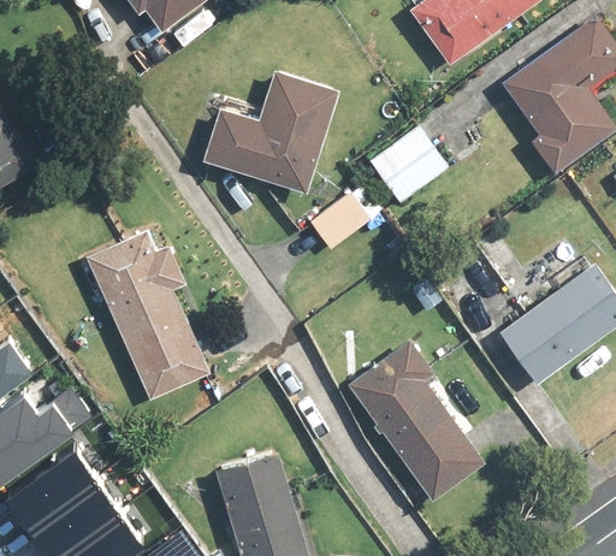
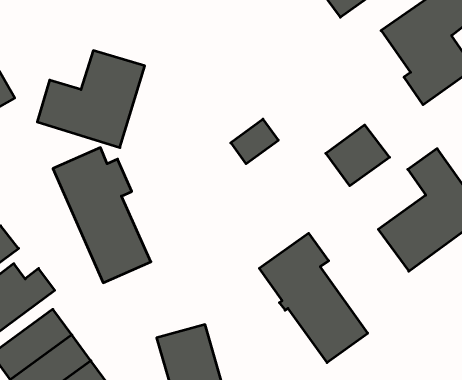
building: [202,71,338,194] -> [37,51,145,148]
building: [369,126,450,203] -> [326,125,390,186]

